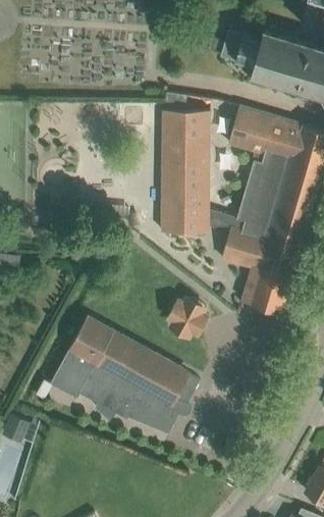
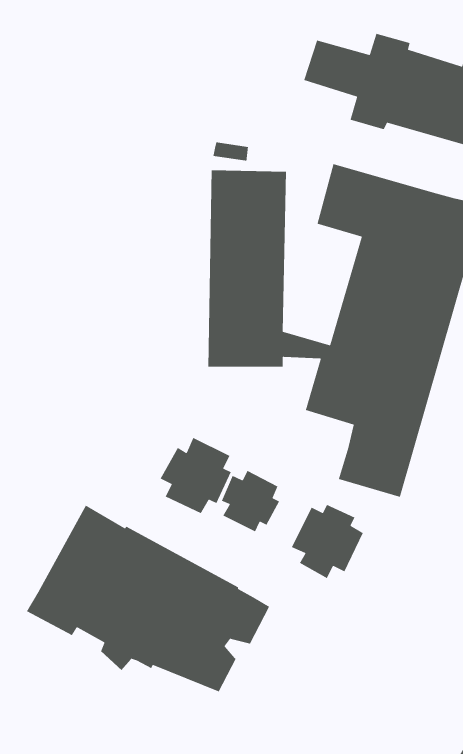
building: none -> [160,437,232,514]
building: none -> [291,504,364,579]

